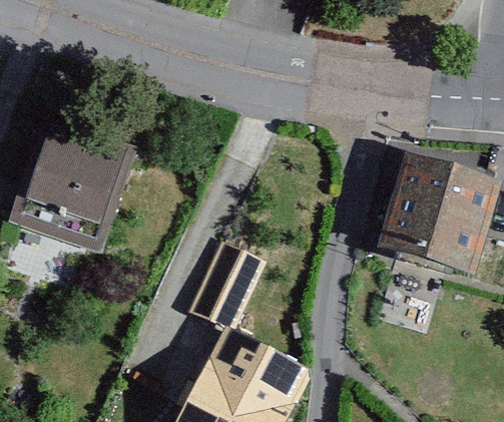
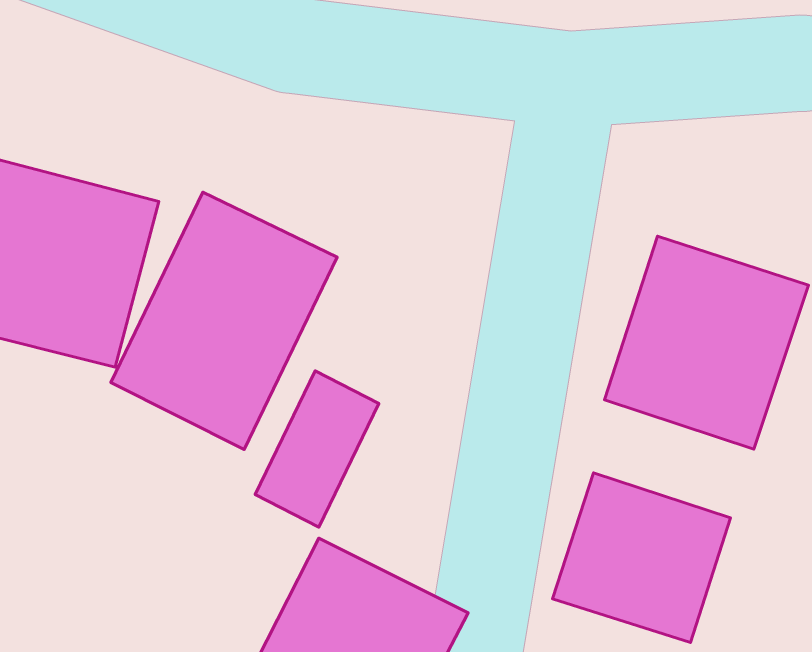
building: none -> [111,192,337,449]
building: none -> [552,473,731,643]

